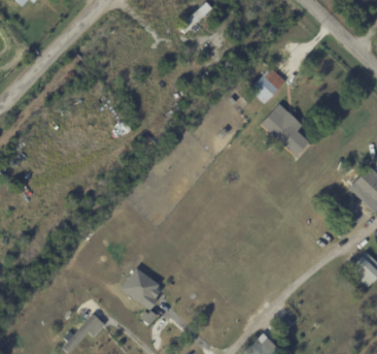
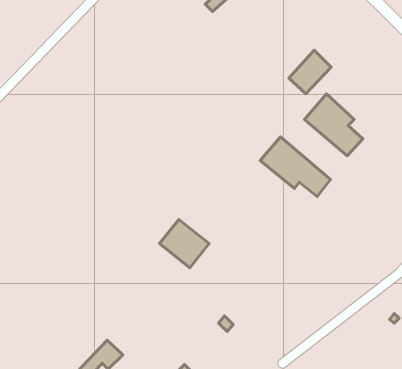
building: none -> [260,137,330,197]
building: [124,268,166,310] -> [160,219,209,268]

